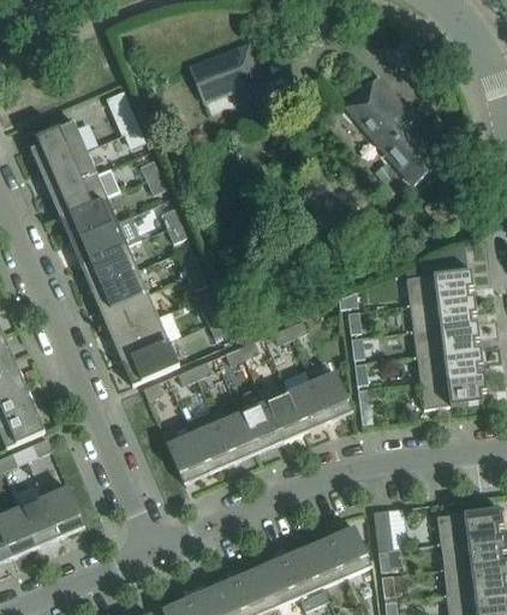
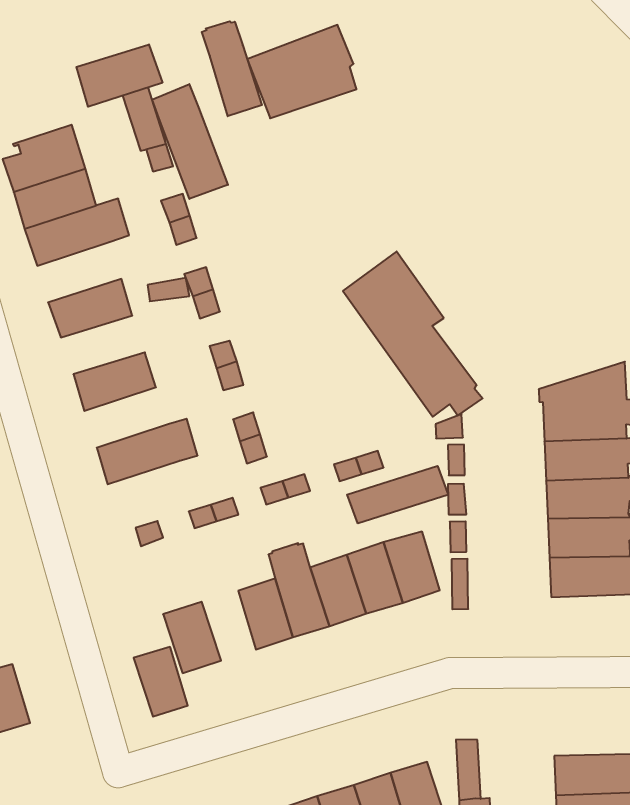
building: none -> [202,21,262,116]
building: none -> [76,44,162,107]
building: [344,74,445,184] -> [343,251,483,417]
building: none -> [152,84,228,199]
building: [59,197,117,241] -> none
building: [79,245,137,288] -> none
building: [100,292,157,336] -> none
building: none -> [347,466,448,523]
building: [120,340,178,384] -> none
building: [191,424,231,472] -> [134,647,188,717]

